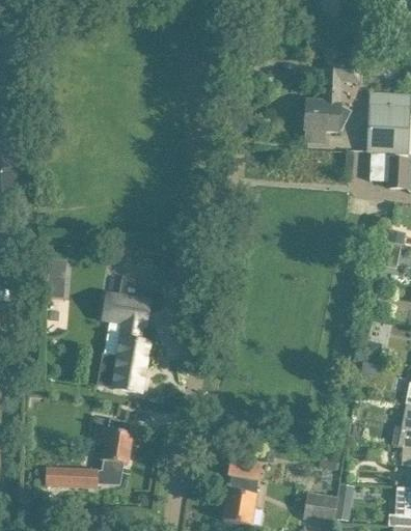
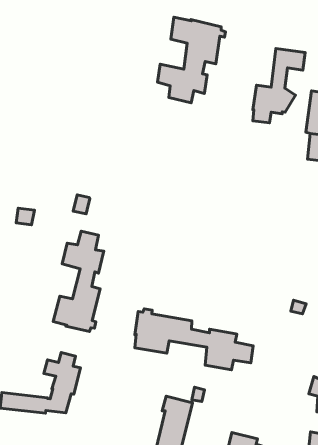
building: none -> [158,17,226,103]
building: none -> [135,309,253,370]

